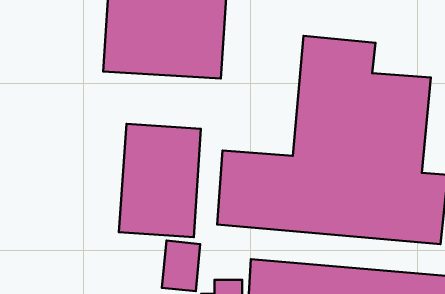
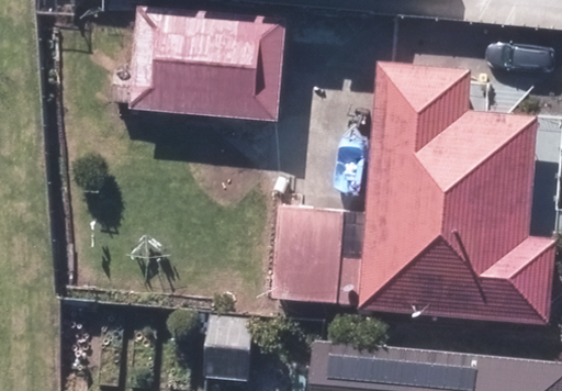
building: [119,124,201,237] -> none

